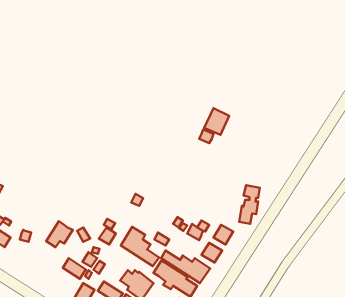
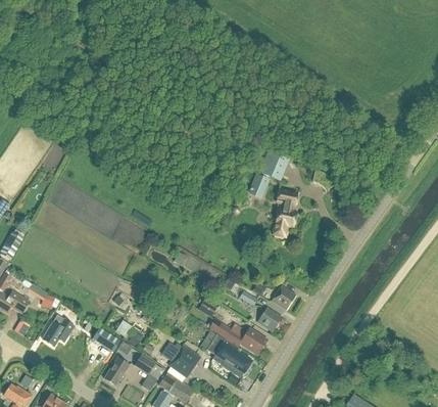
building: [239,185,260,224] -> [273,189,297,235]
building: [46,221,73,247] -> [42,315,74,346]
building: [121,227,159,266] -> none

